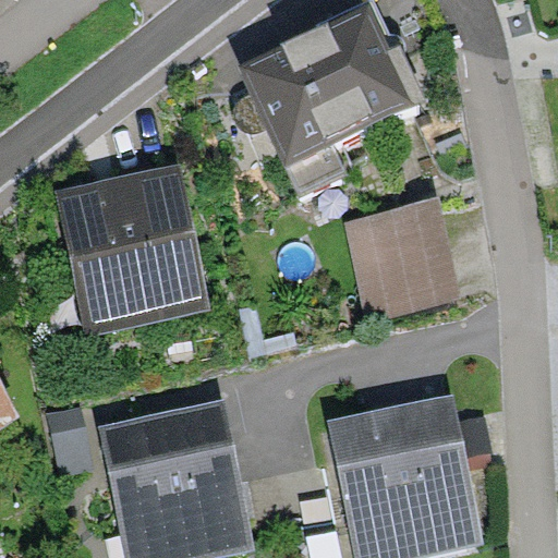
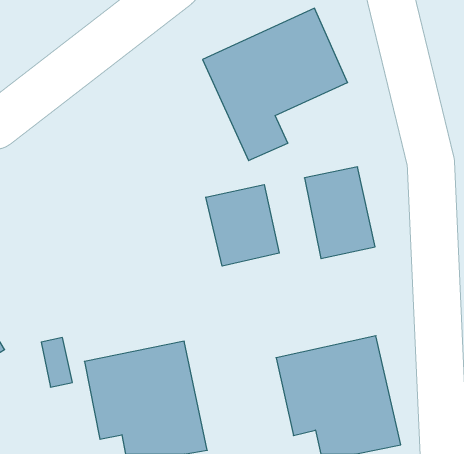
building: [66,173,221,331] -> none
building: none -> [206,185,279,266]

